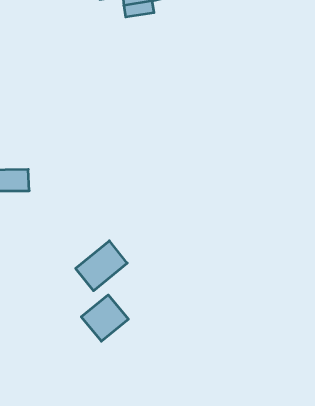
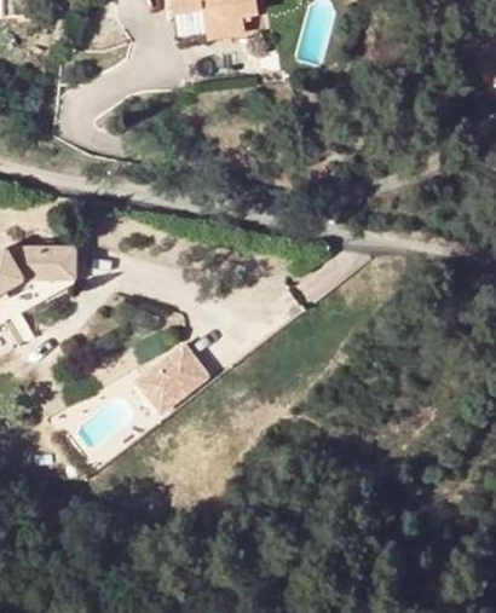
building: [81,295,128,341] -> none

